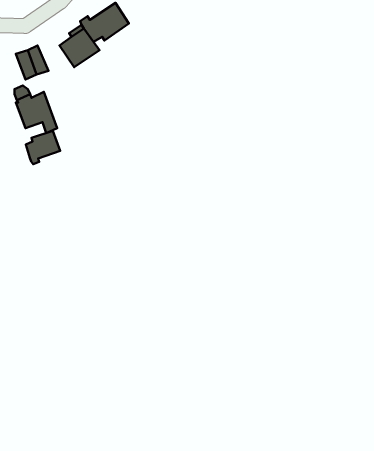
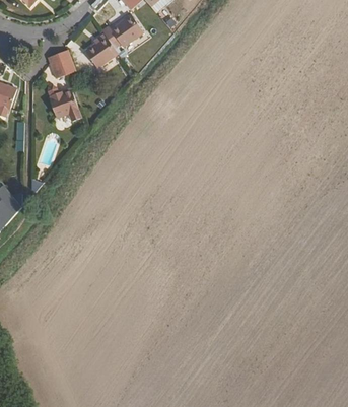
building: [26,131,60,164] -> none

